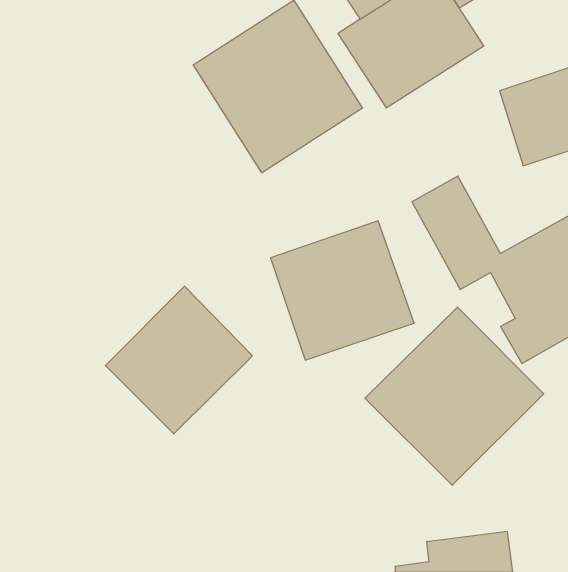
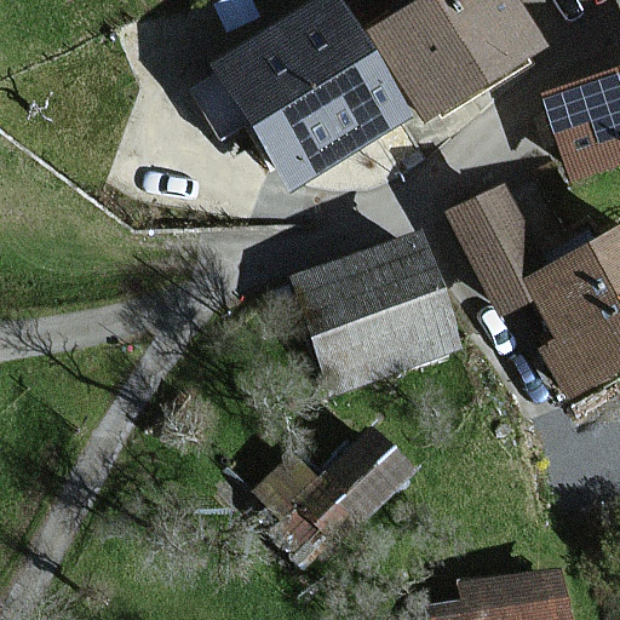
building: [105,286,252,434] -> none
building: [365,307,544,485] -> none
building: none -> [264,438,406,564]

